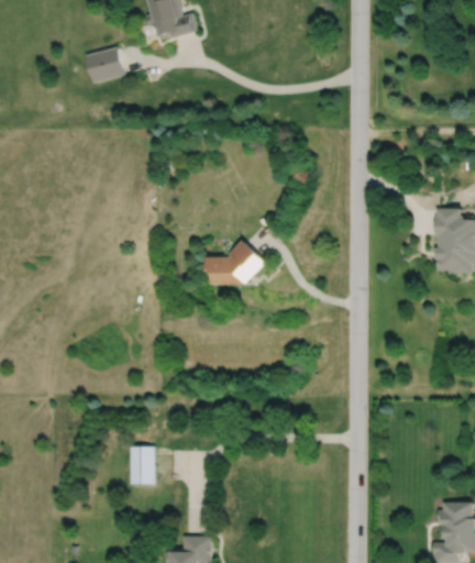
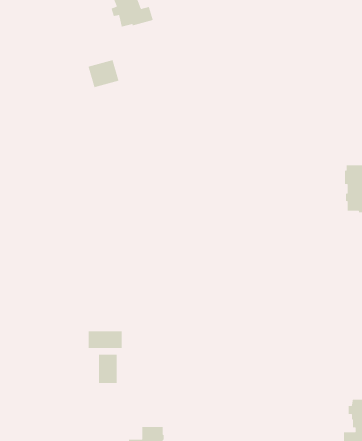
building: [84,47,123,84] -> [88,59,119,88]
building: [206,238,266,283] -> none
building: none -> [88,330,122,349]

